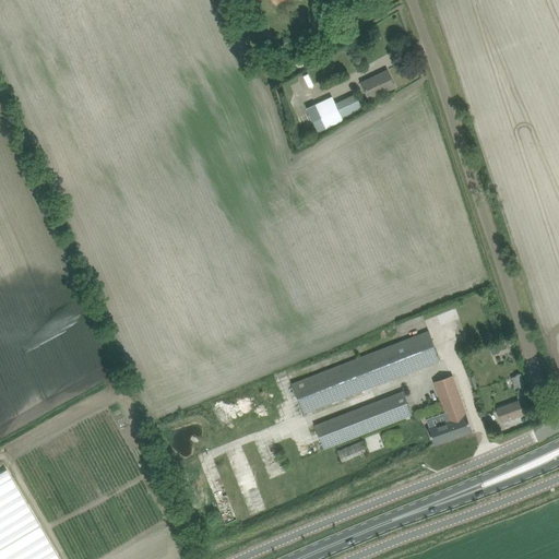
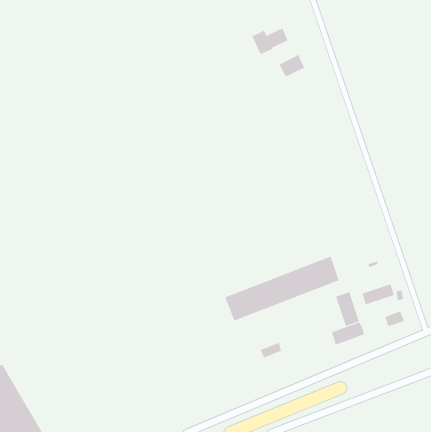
building: [313,94,360,129] -> [252,28,288,55]
building: none -> [362,284,394,305]
building: [312,391,409,450] -> none

